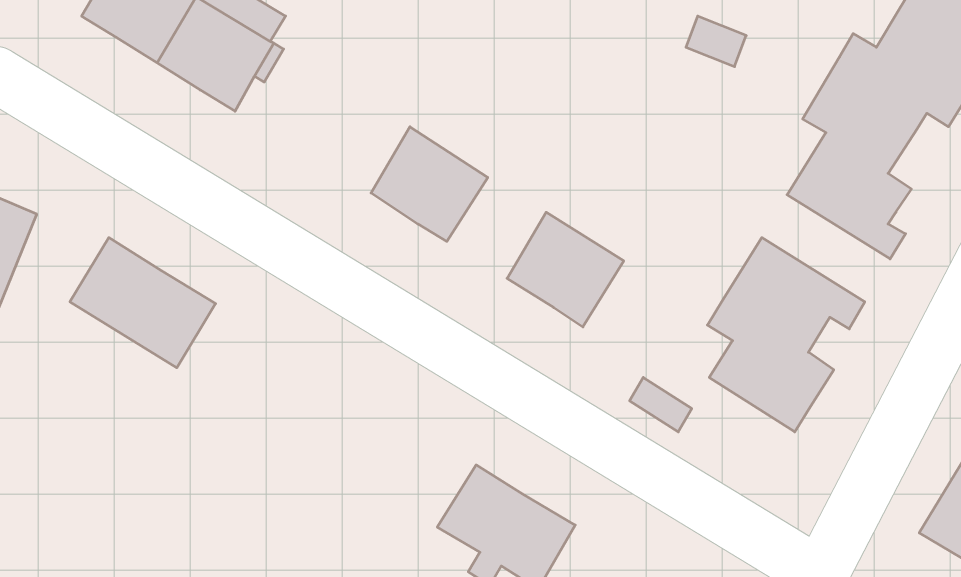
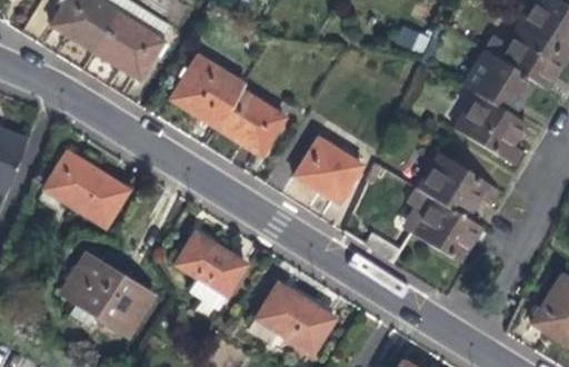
building: none -> [173,57,243,127]
building: none -> [177,232,247,309]
building: none -> [63,255,152,334]

